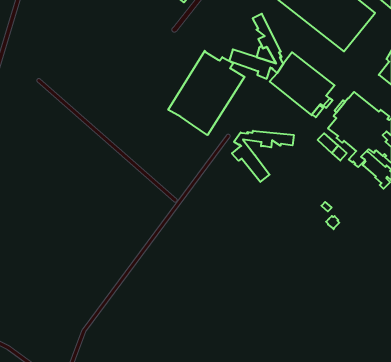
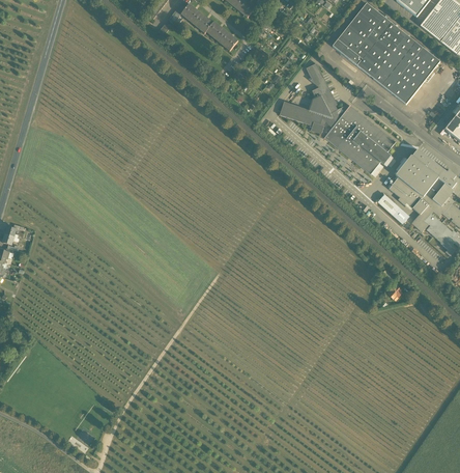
building: [168,51,245,135] -> none
building: [232,131,294,182] -> none

